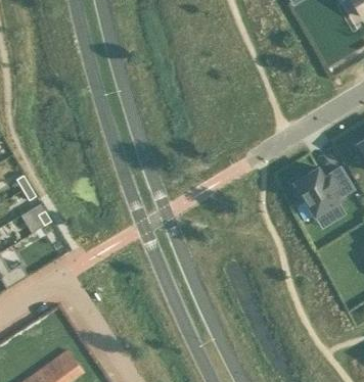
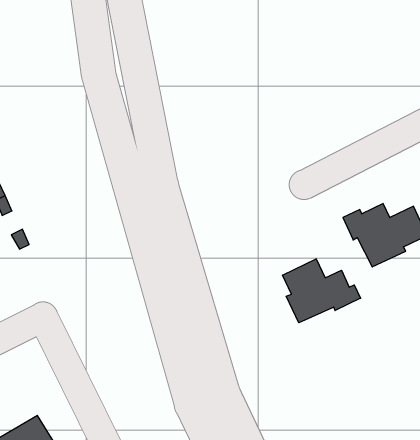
building: none -> [283,259,361,323]

